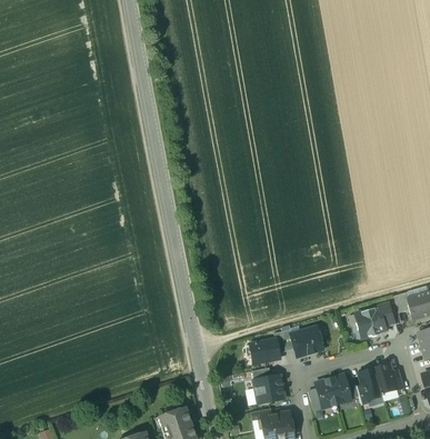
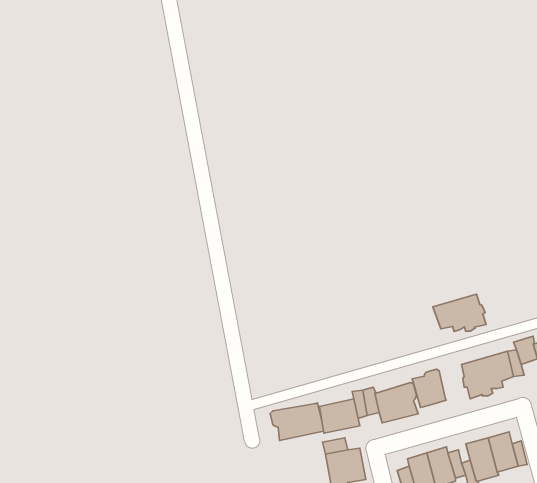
building: none -> [433,294,486,332]
building: none -> [412,369,446,408]
building: none -> [270,403,324,440]

